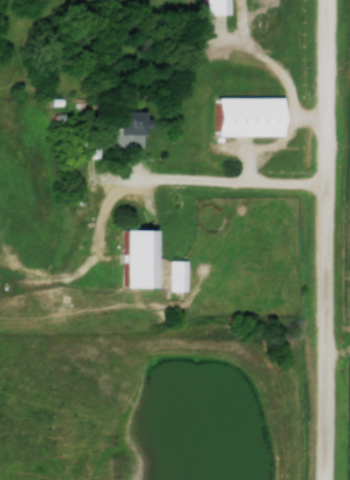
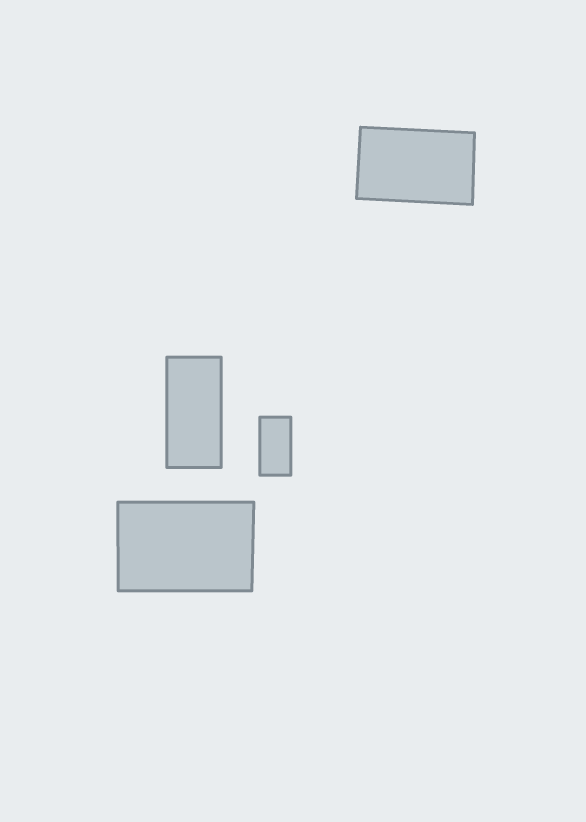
building: [122,105,149,142] -> none
building: none -> [118,502,254,591]

